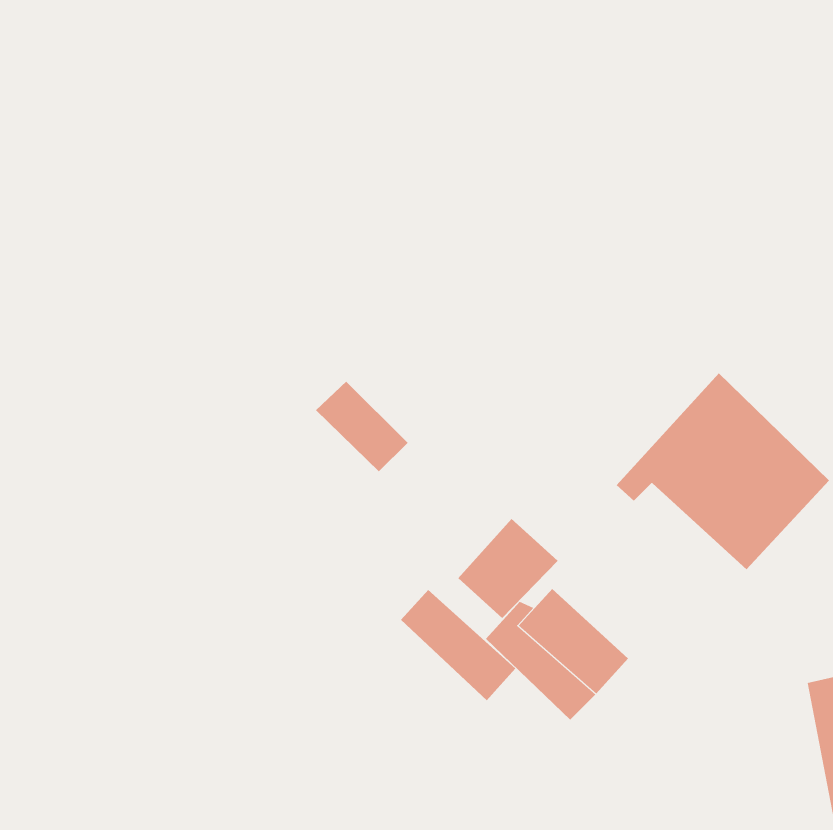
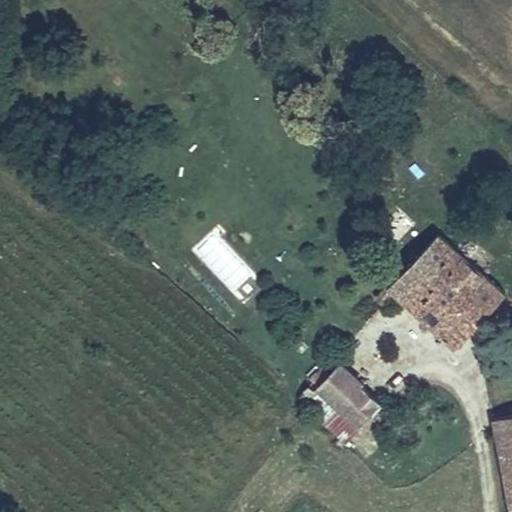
building: [458,518,558,619] -> none
building: [400,589,516,701] -> none

